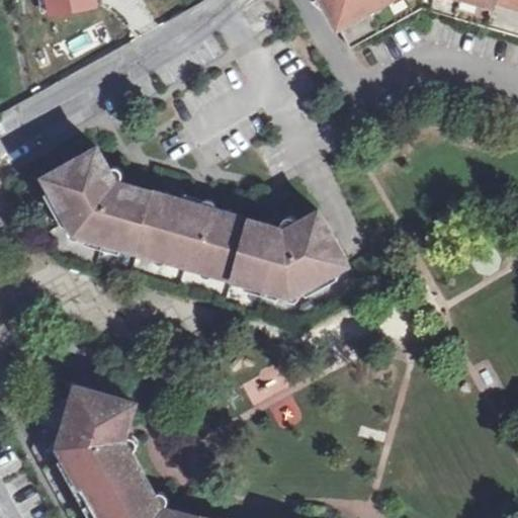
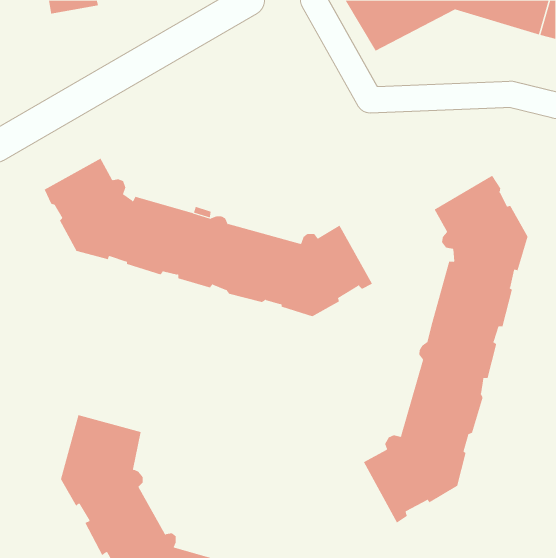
building: none -> [363,175,528,523]

